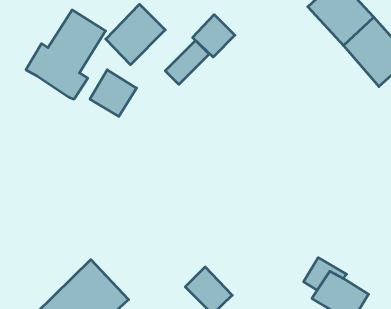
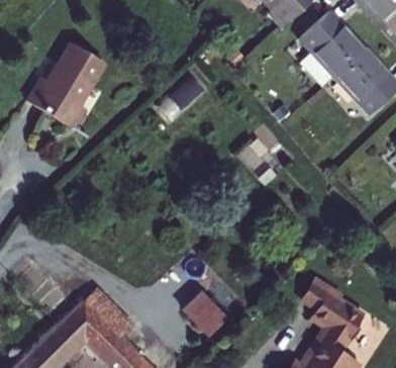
building: [106,4,165,65] -> none
building: [193,15,235,57] -> none
building: [90,70,137,116] -> none

